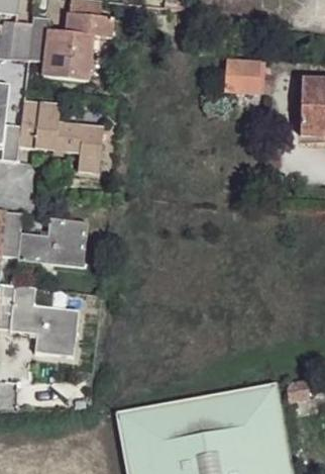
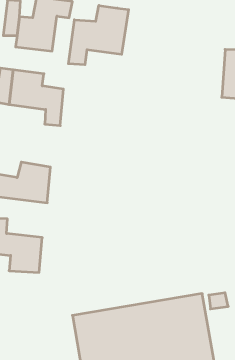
building: none -> [68,5,129,65]
building: [226,58,259,91] -> none

